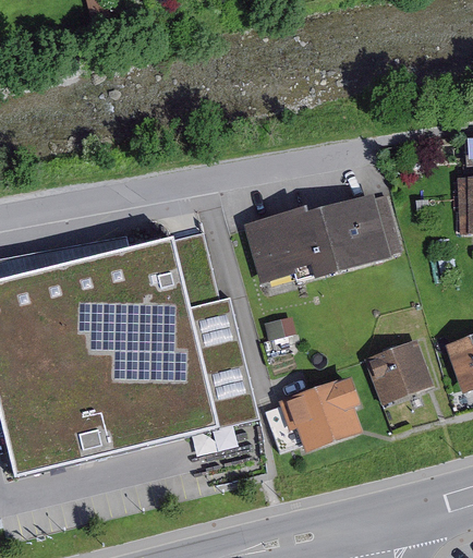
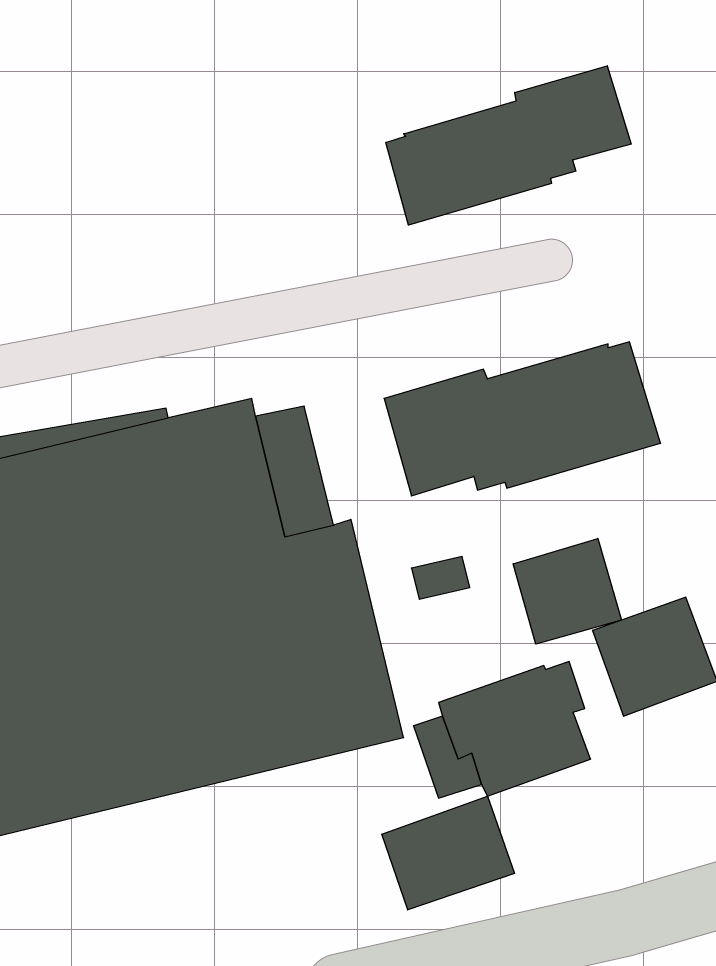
building: none -> [386,66,631,225]
building: none -> [513,538,622,644]
building: none -> [382,796,514,910]

